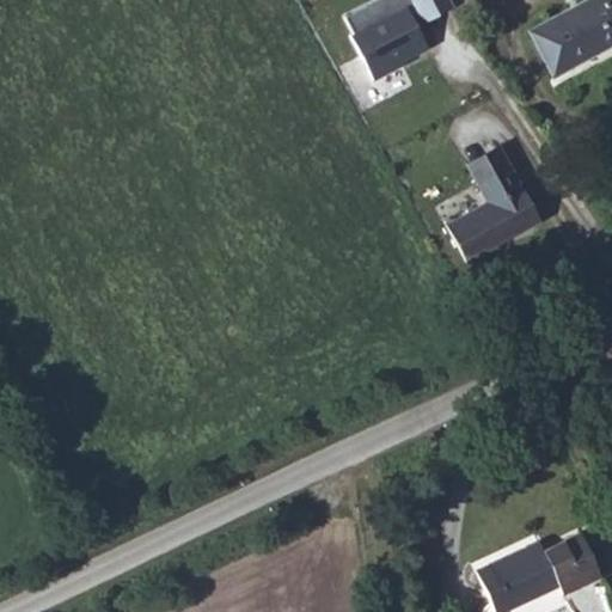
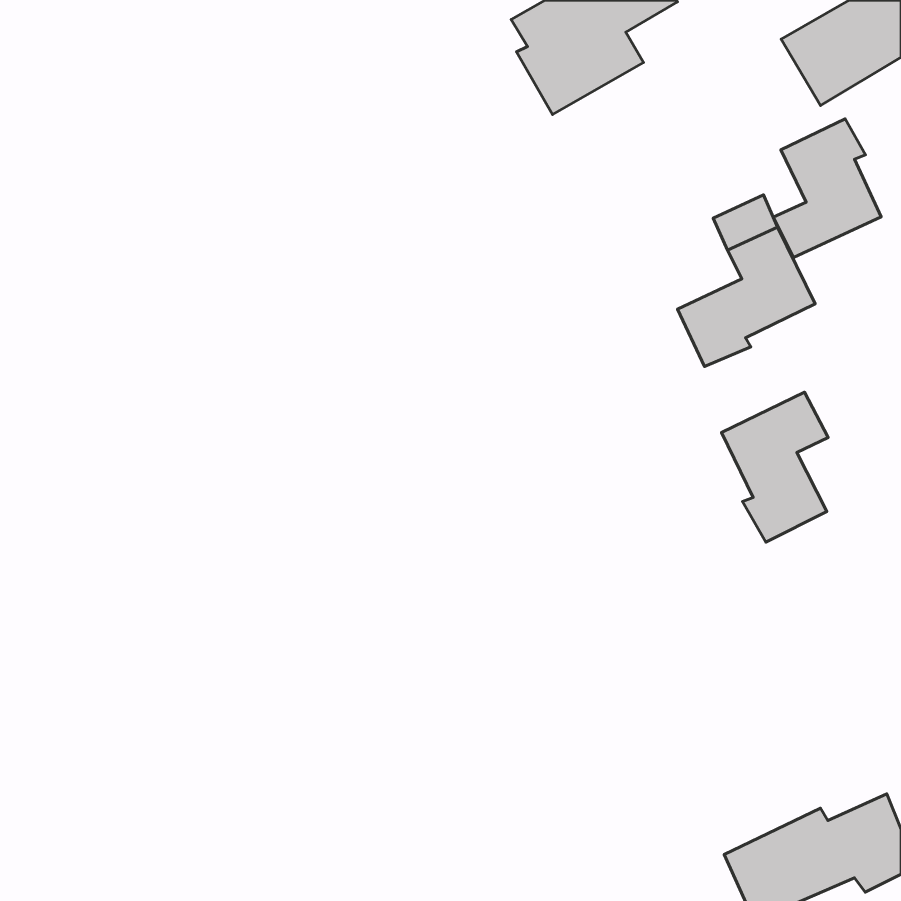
building: none -> [773,119,881,257]
building: none -> [721,392,828,542]

